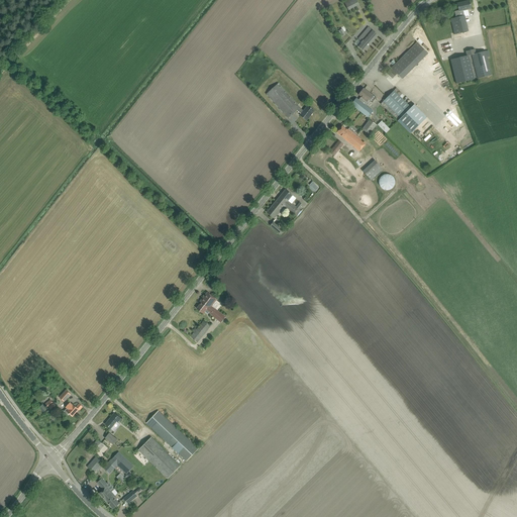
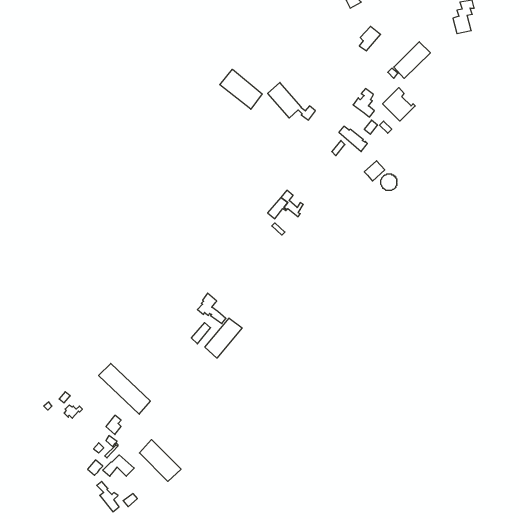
building: [449,48,491,83] -> none
building: none -> [220,69,262,109]
building: [397,103,426,133] -> none
building: none -> [205,318,242,358]
building: [145,410,197,460] -> [99,363,150,414]

